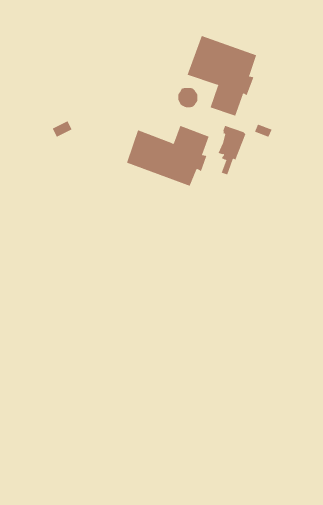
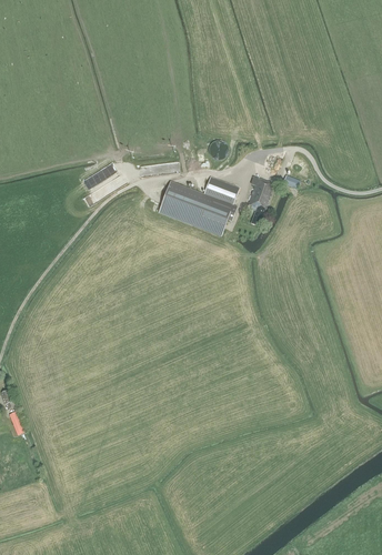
building: [187,35,257,116] -> none

